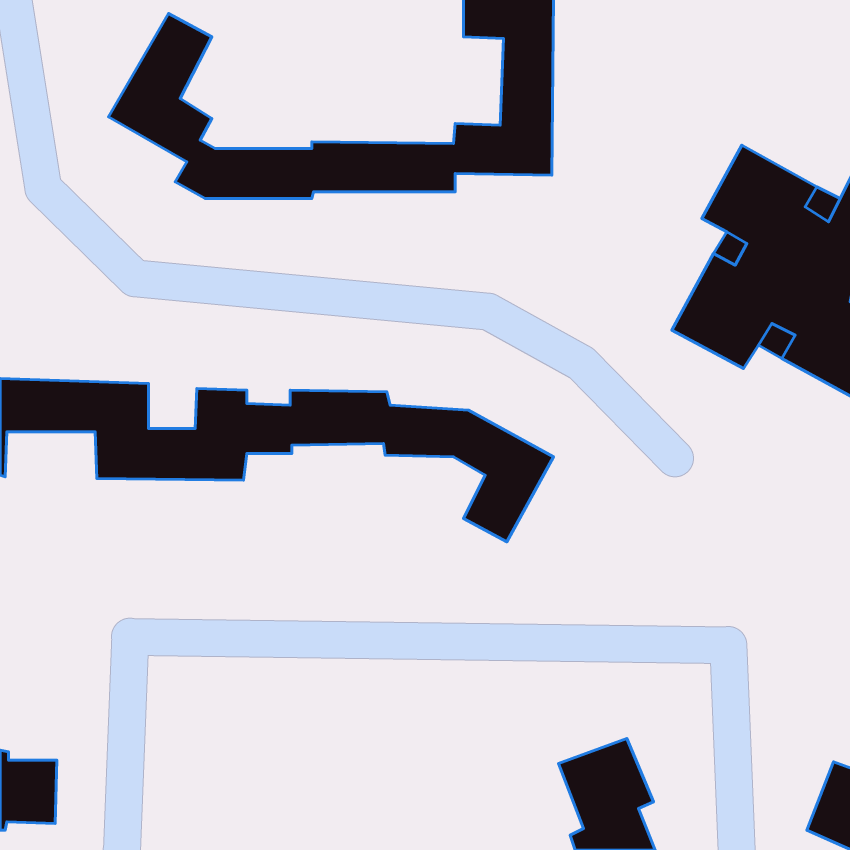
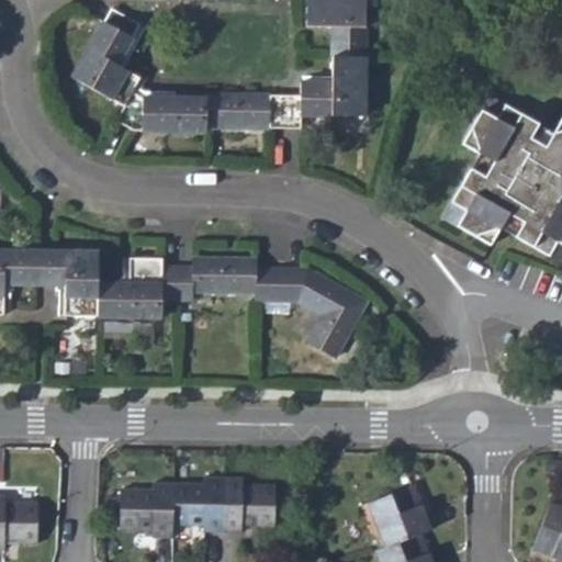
building: none -> [121,476,274,538]

